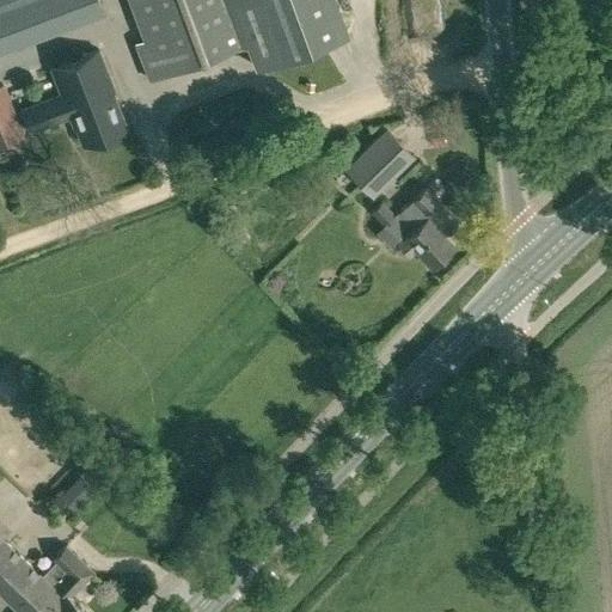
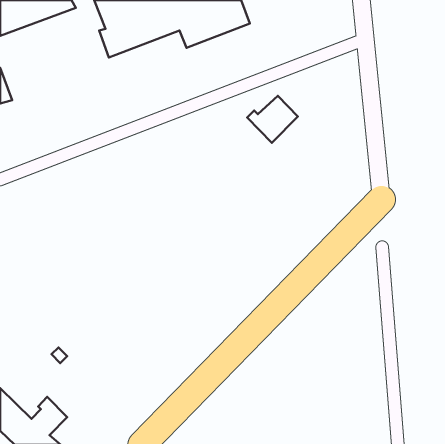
building: [20,51,126,145] -> none
building: [372,188,459,268] -> none

